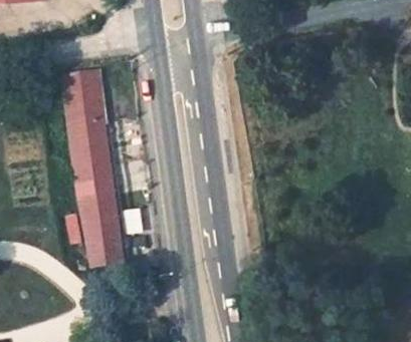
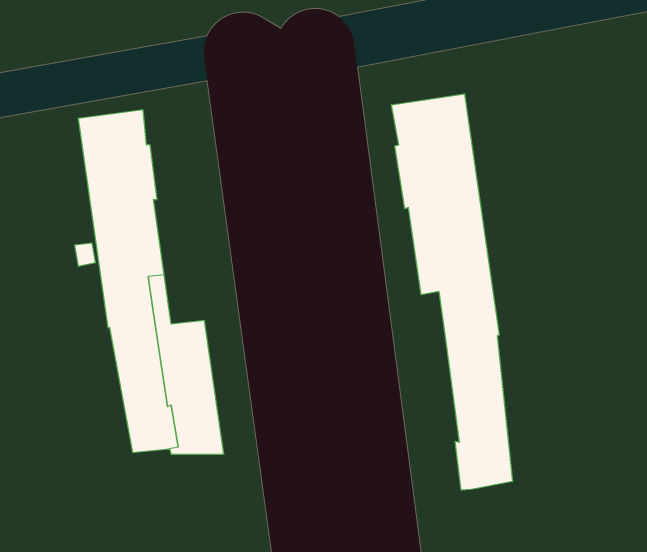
building: none -> [391,94,512,490]

